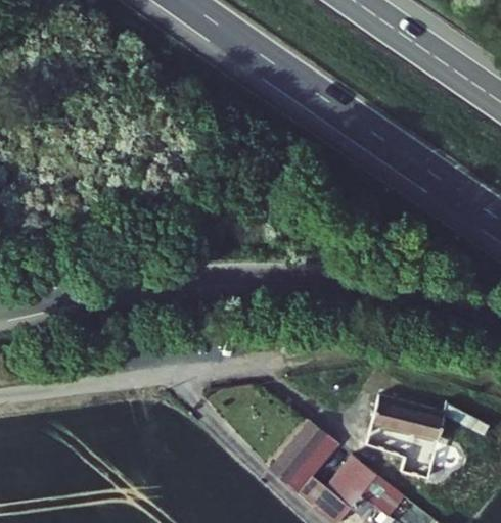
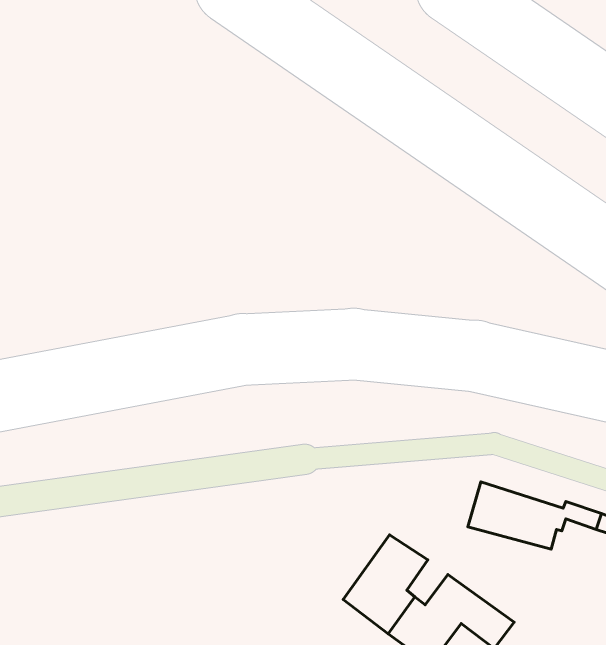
building: [365,424,460,473] -> none

